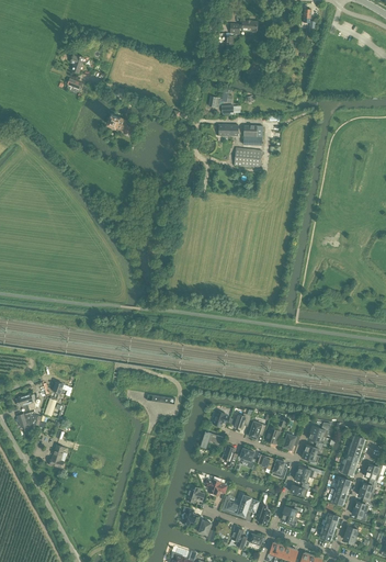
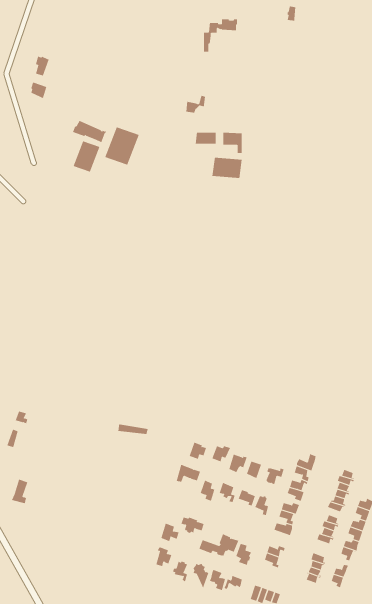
building: none -> [105,127,139,165]
building: none -> [73,141,100,172]

